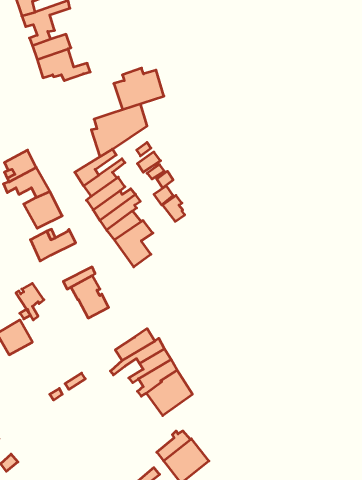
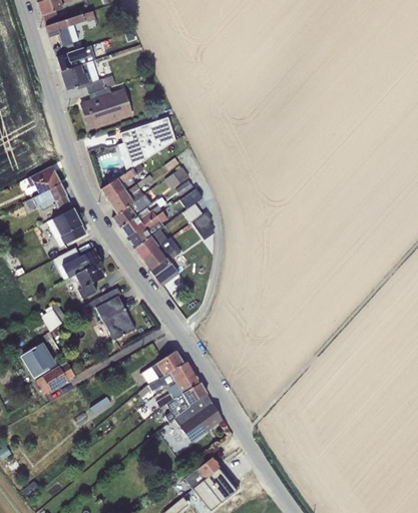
building: [114,68,164,110] -> [80,86,132,129]
building: none -> [75,262,105,299]
building: none -> [36,362,76,395]

